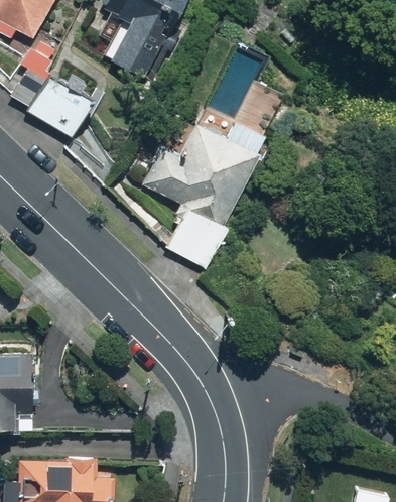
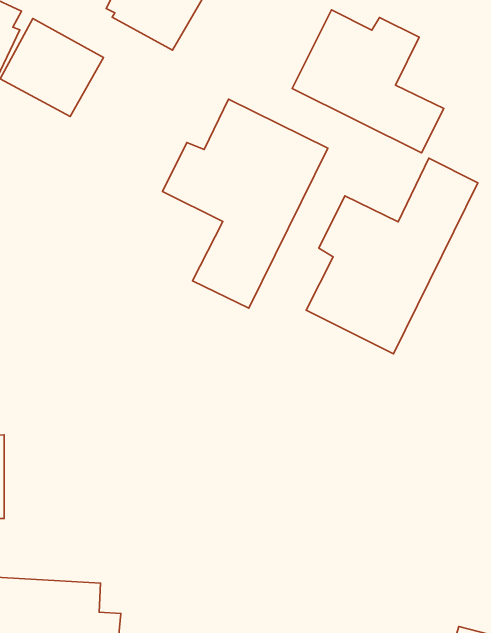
building: none -> [292,10,444,153]
building: none -> [306,158,478,354]

